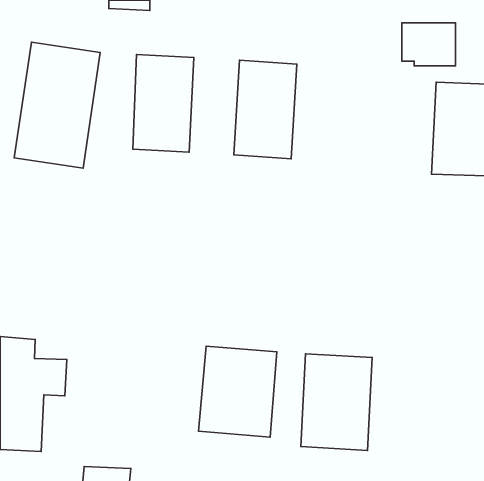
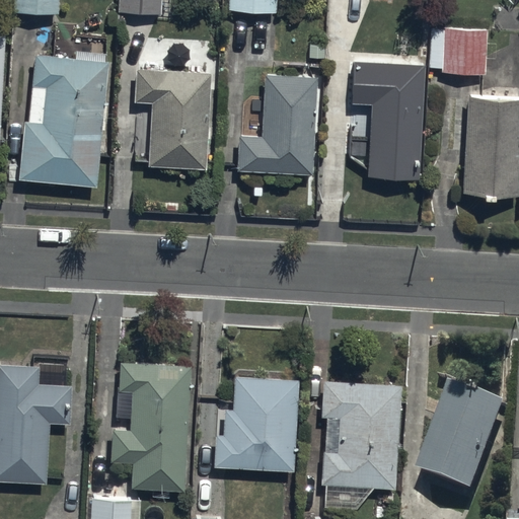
building: none -> [354,62,428,180]
building: none -> [112,365,192,490]
building: none -> [420,388,506,496]

